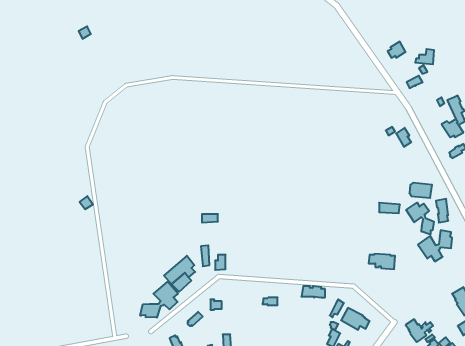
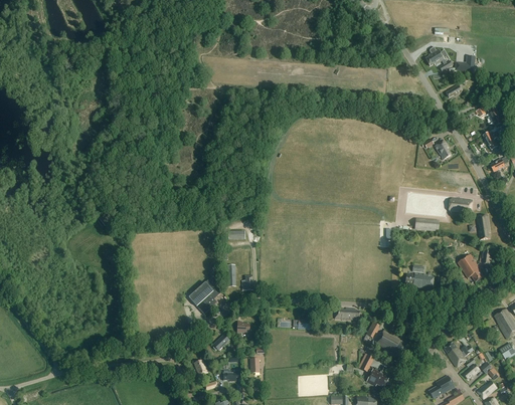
building: [406,203,434,235] -> none
building: [140,282,178,318] -> none

